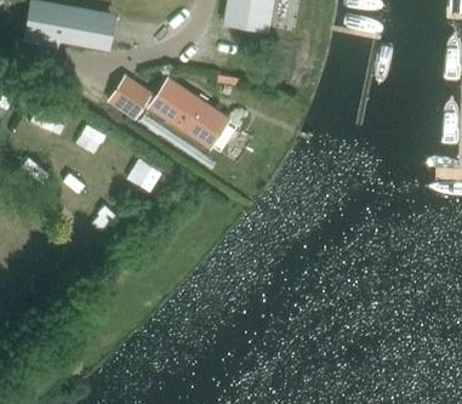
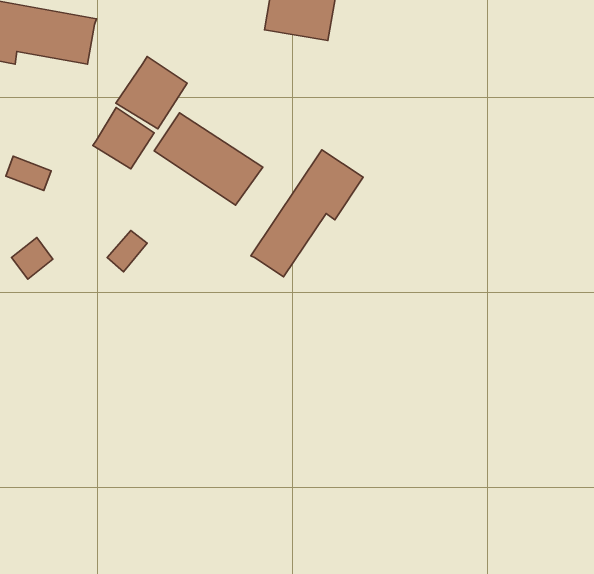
building: none -> [116,56,187,129]
building: none -> [251,150,363,277]

